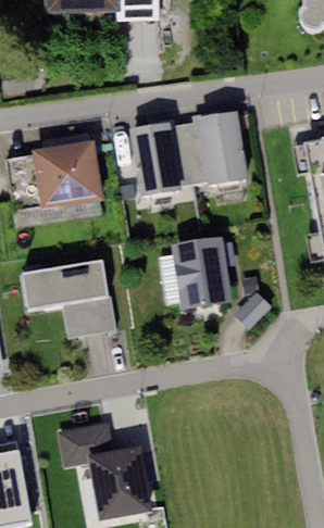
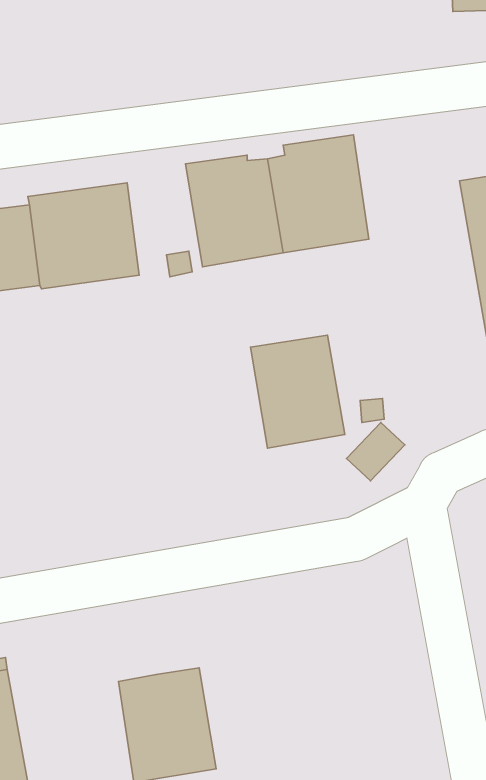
building: [24,269,114,345] -> none
building: [58,424,113,461] -> none

